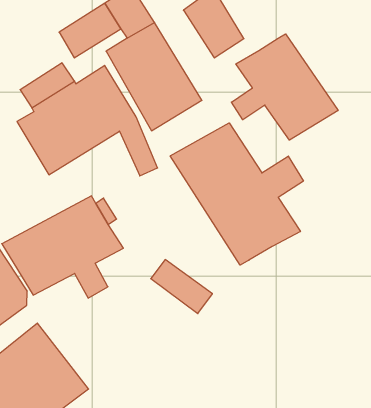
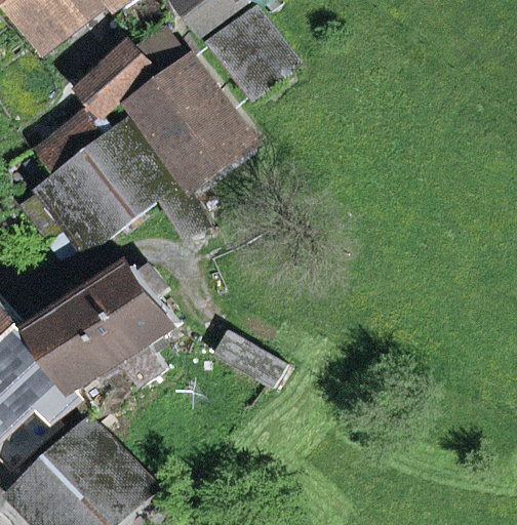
building: [231,34,338,140] -> none
building: [170,123,303,265] -> none

